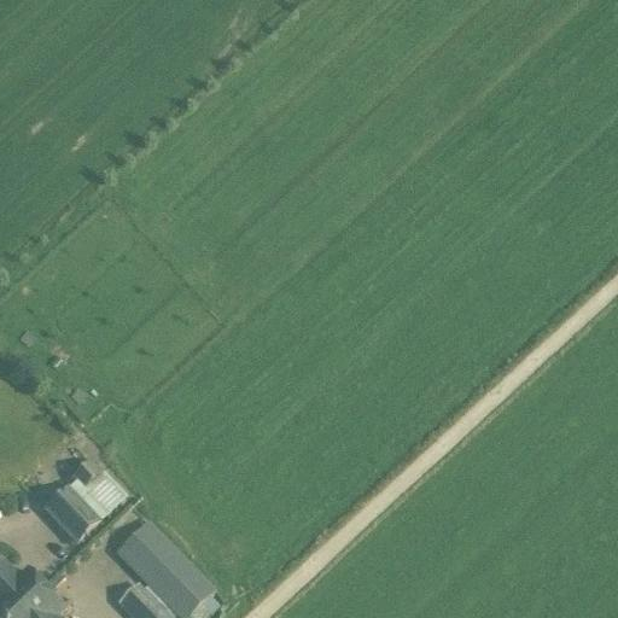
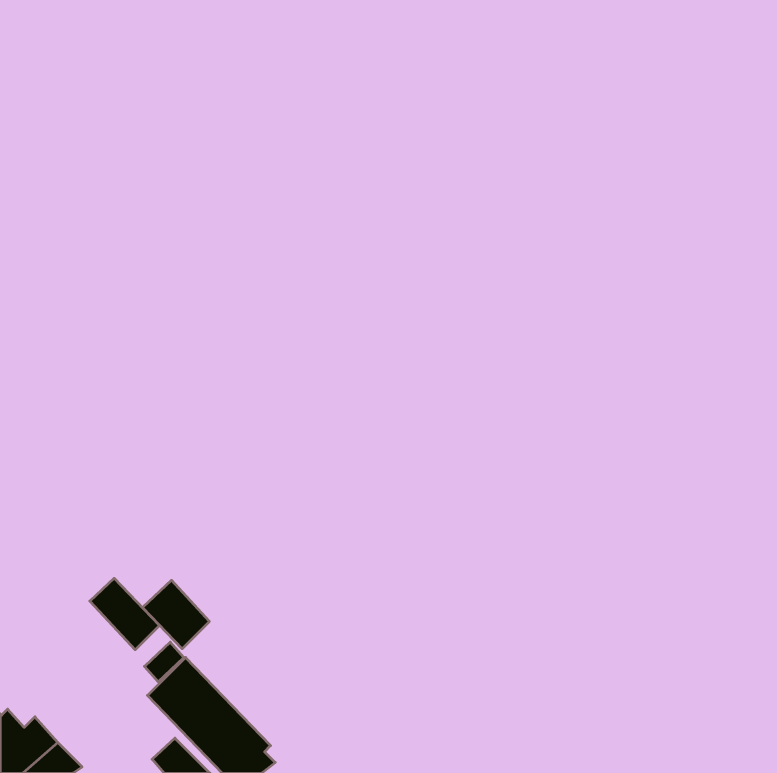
building: [46,488,99,542] -> [143,580,209,649]

